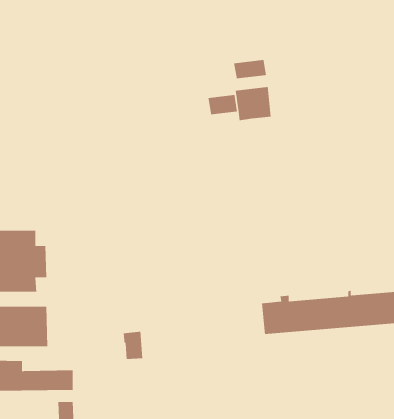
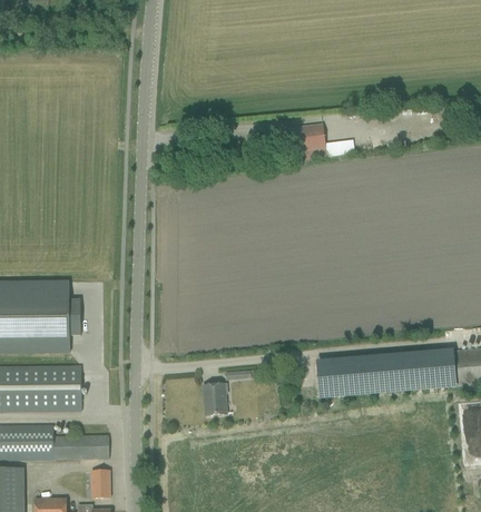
building: [234,59,267,79] -> none
building: [208,94,238,115] -> none
building: [123,331,143,359] -> [204,383,226,414]

